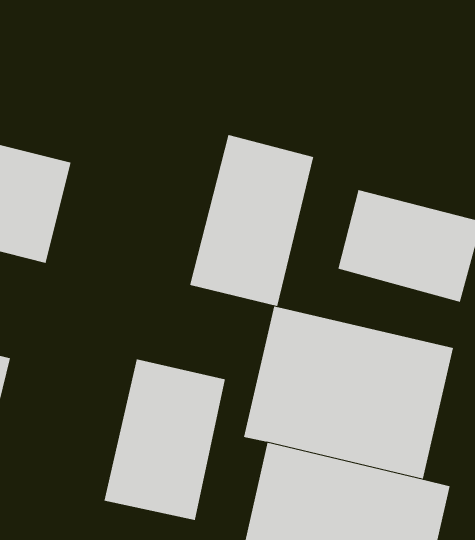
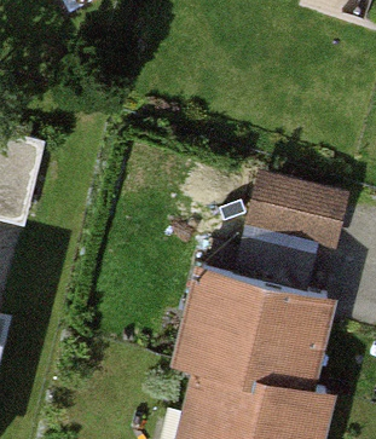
building: [189,134,314,307] -> none
building: [104,358,225,521] -> none

